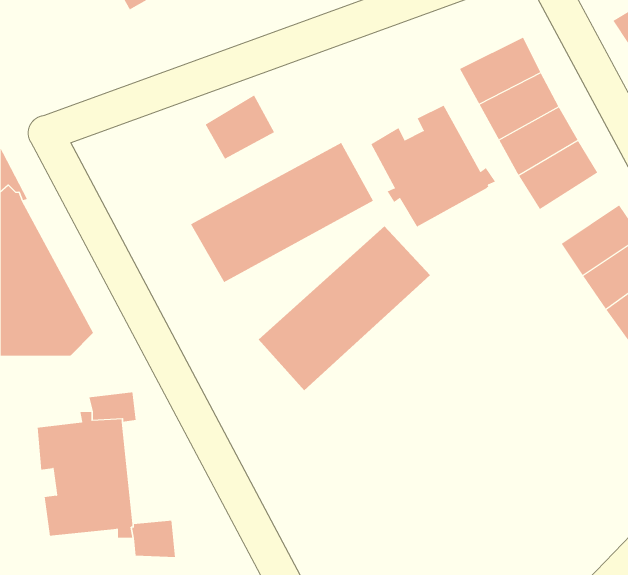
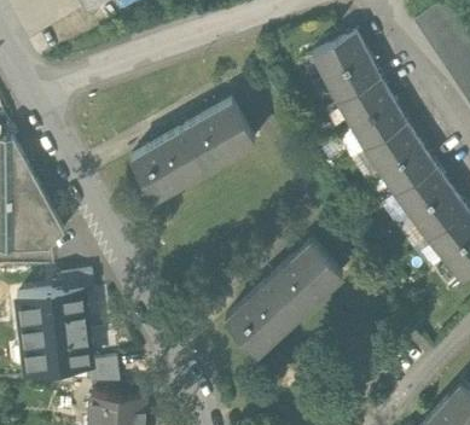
building: [205,94,275,160] -> none
building: [370,105,496,228] -> none
building: none -> [366,126,420,174]
building: [258,225,431,391] -> [224,244,341,356]

